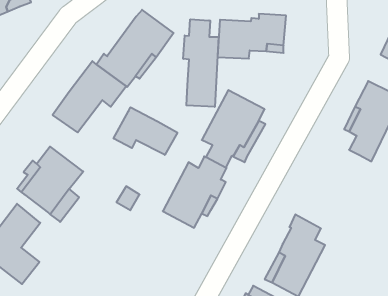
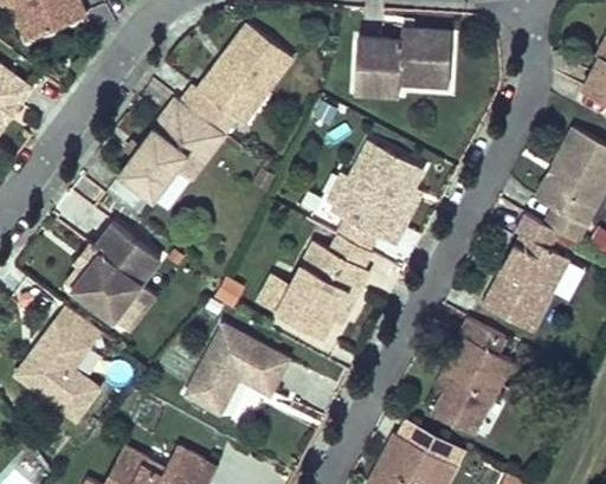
building: [183,19,218,107] -> none
building: [114,107,177,155] -> none
building: none -> [482,214,569,333]
building: none -> [185,324,285,413]

